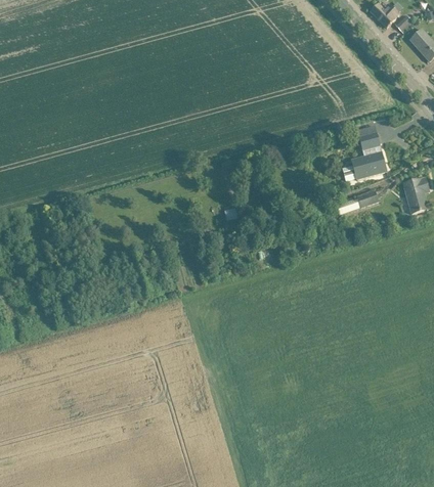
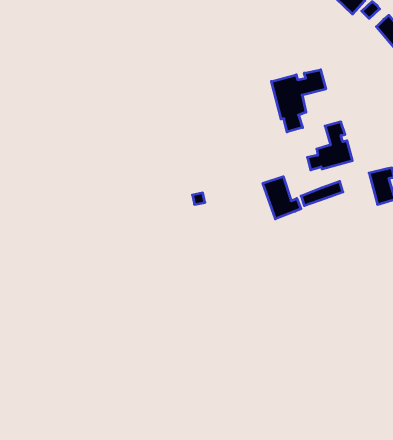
building: none -> [271,70,326,132]
building: none -> [263,177,301,219]

